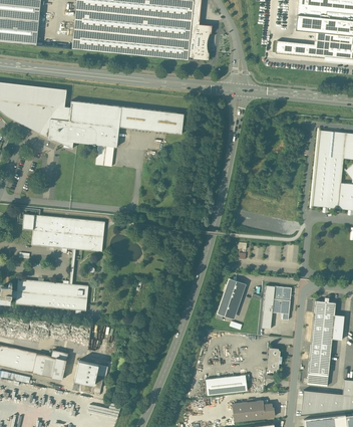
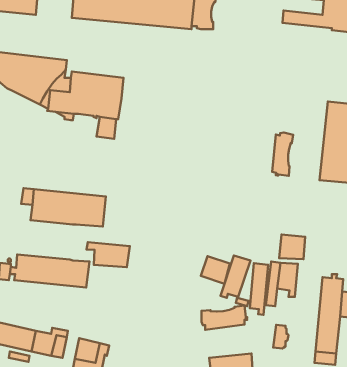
building: [119,106,184,134] -> none
building: none -> [272,133,293,176]
building: none -> [279,234,305,259]
building: none -> [86,242,130,267]
building: none -> [201,256,230,284]
building: none -> [250,263,268,315]
building: none -> [201,305,247,330]

